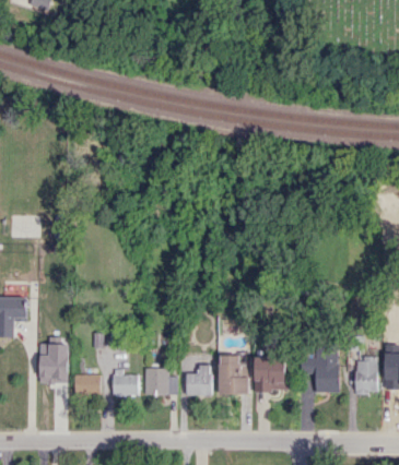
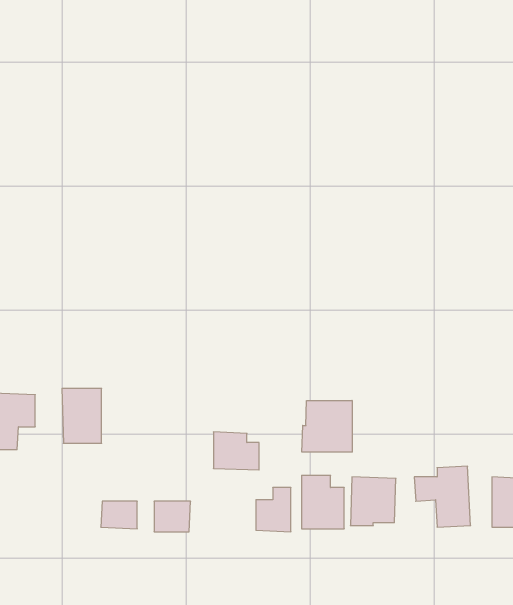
building: none -> [302,400,352,452]
building: [39,344,68,383] -> [62,388,102,443]
building: [144,368,177,395] -> [213,432,259,470]

